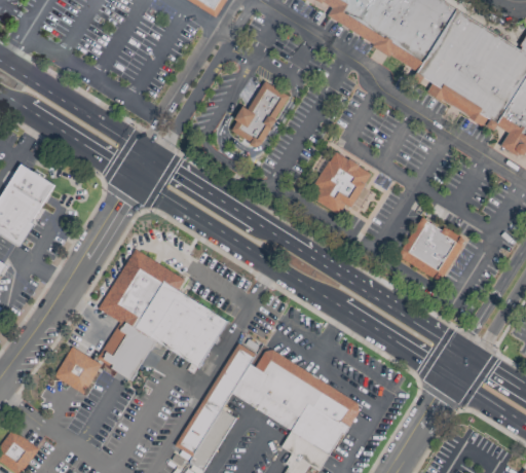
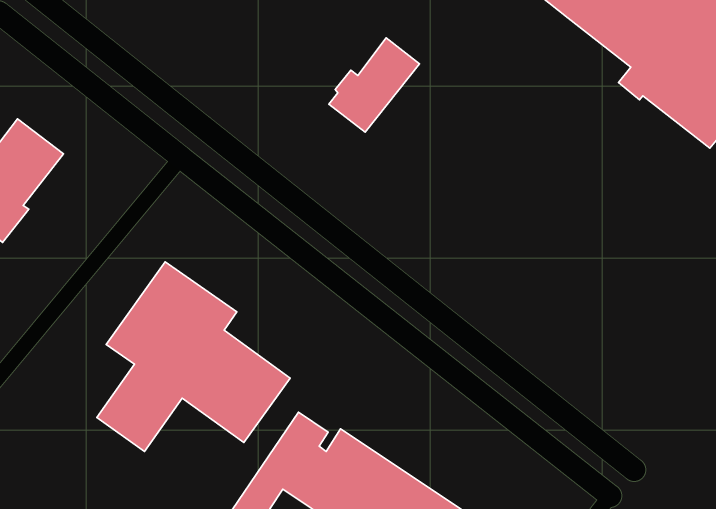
building: [314,150,375,217] -> none
building: [399,216,464,282] -> none
building: [53,347,101,394] -> none

